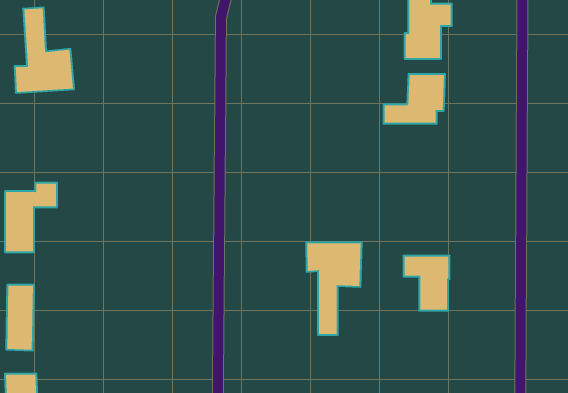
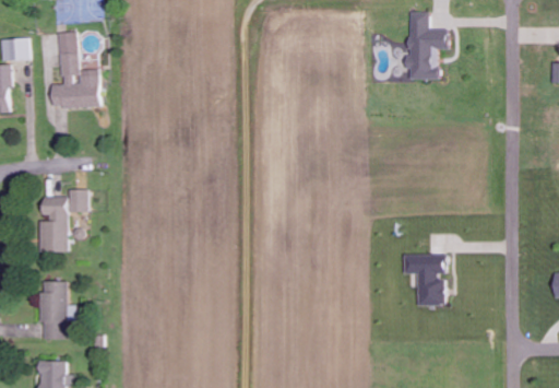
building: [384,74,445,124] -> none
building: [306,242,361,335] -> none

